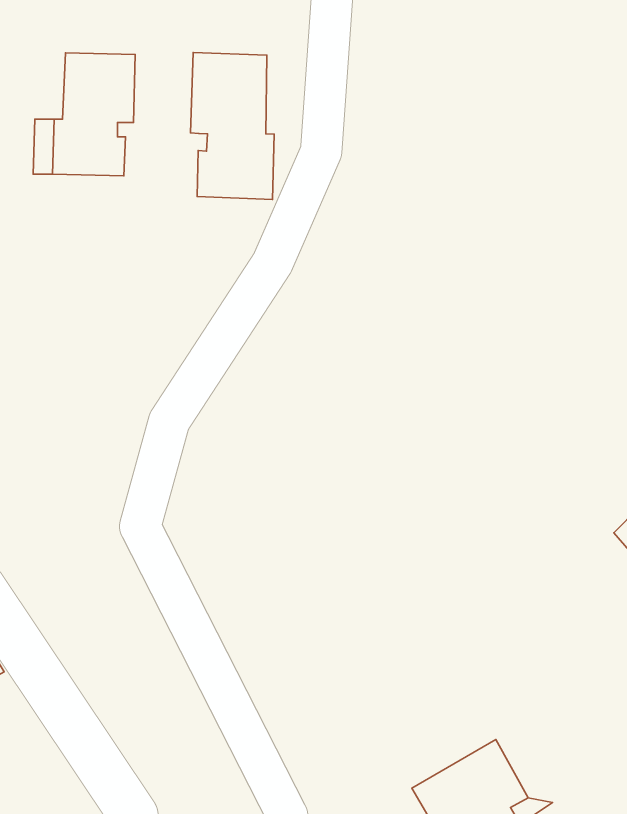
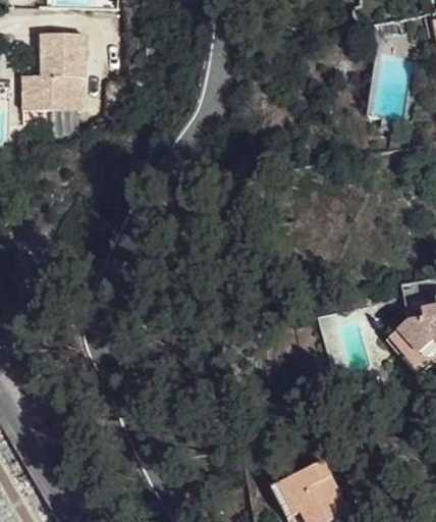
building: [190,52,274,199] -> none

